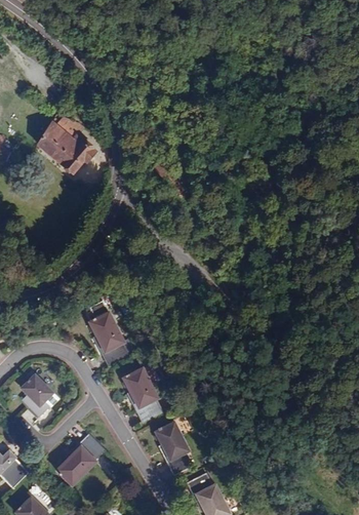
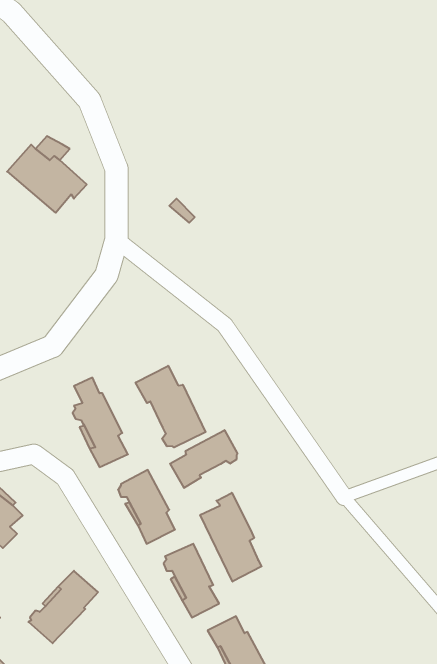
building: none -> [136,366,206,447]
building: none -> [170,430,237,488]
building: none -> [200,493,262,582]

